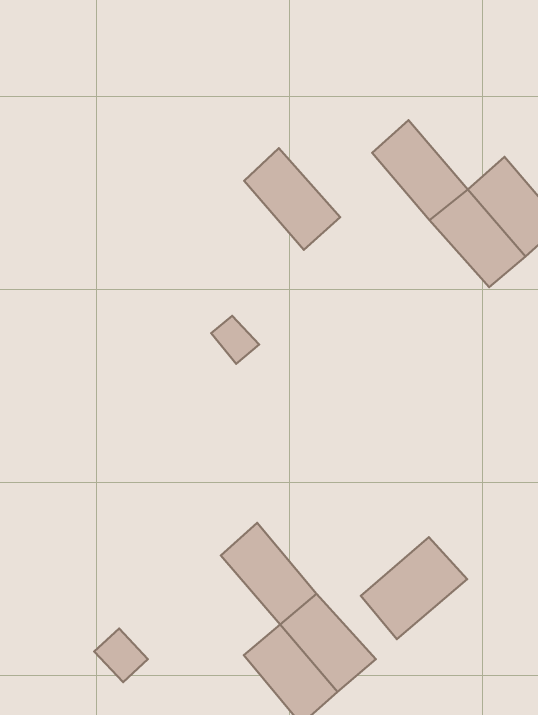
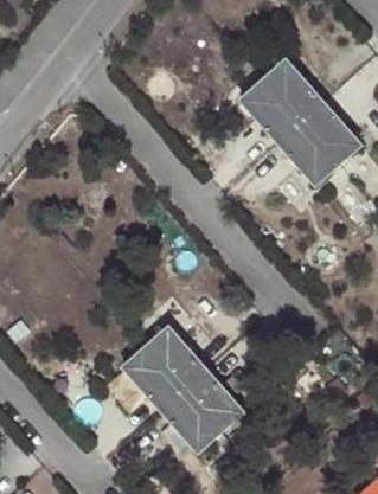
building: [244,148,340,250] -> [264,59,323,122]
building: [361,537,467,639] -> none
building: none -> [126,348,185,410]

